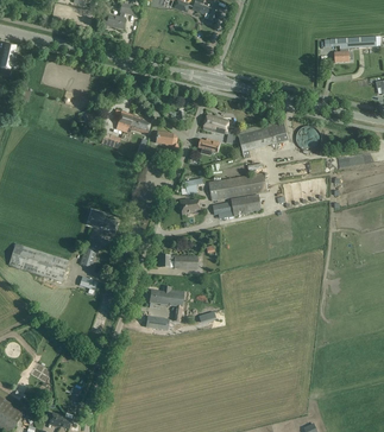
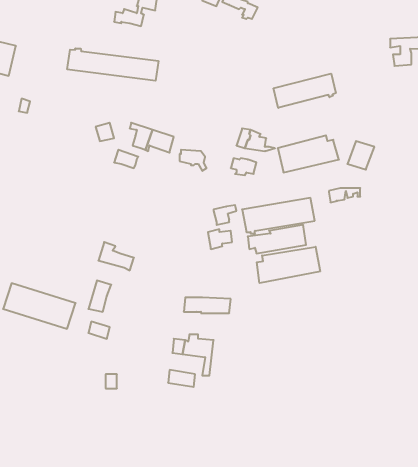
building: none -> [67,48,158,81]
building: none -> [274,74,336,108]
building: none -> [257,247,320,283]

